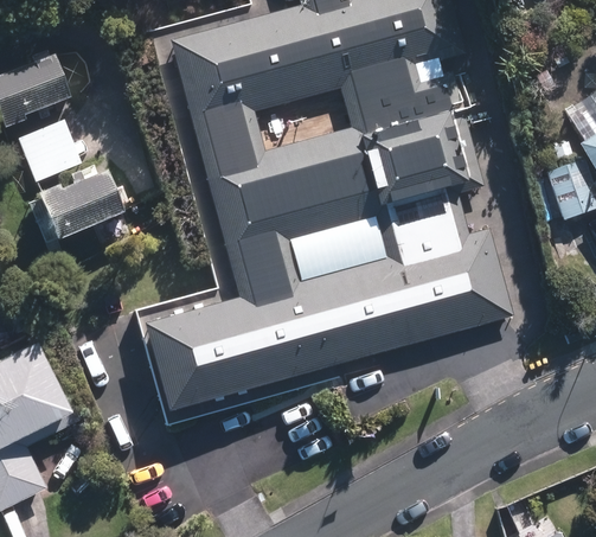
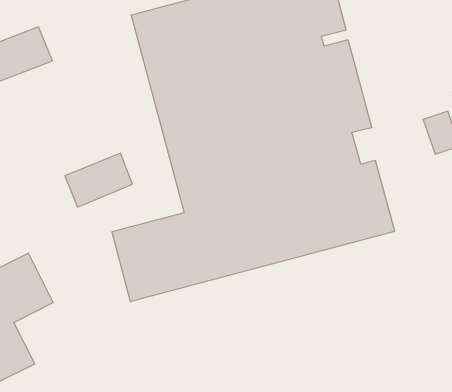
building: [18,124,76,181] -> none
building: [30,174,117,244] -> [65,153,132,207]

